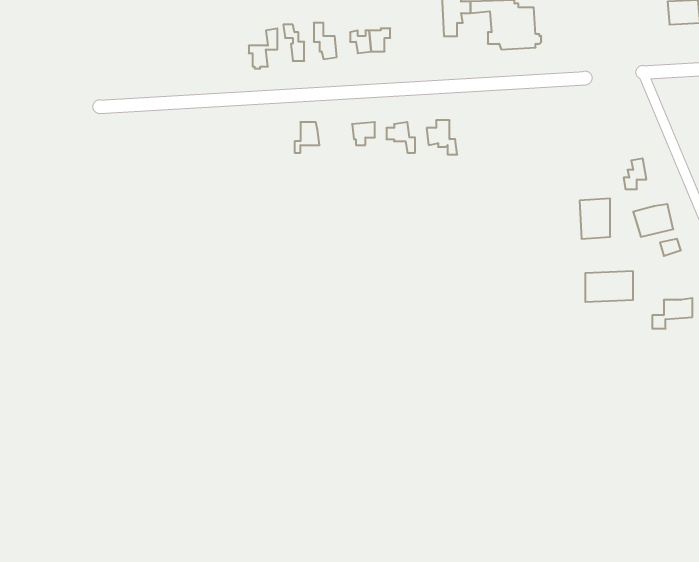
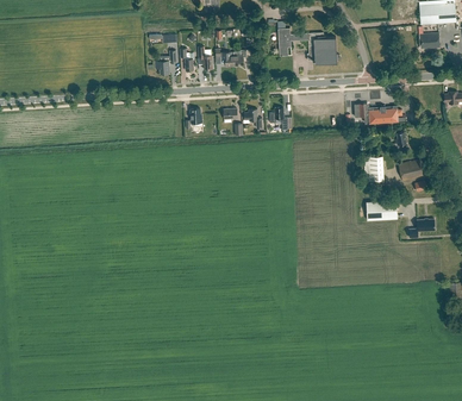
building: none -> [354,104,401,123]

